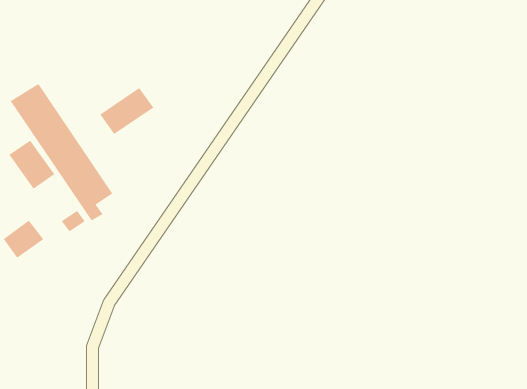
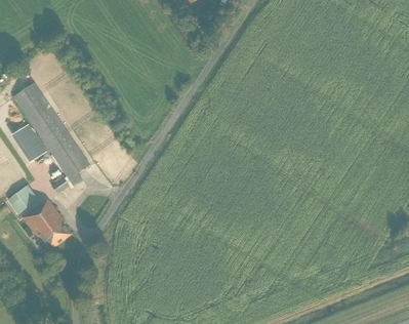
building: [100,87,154,135] -> none
building: none -> [23,199,71,250]

